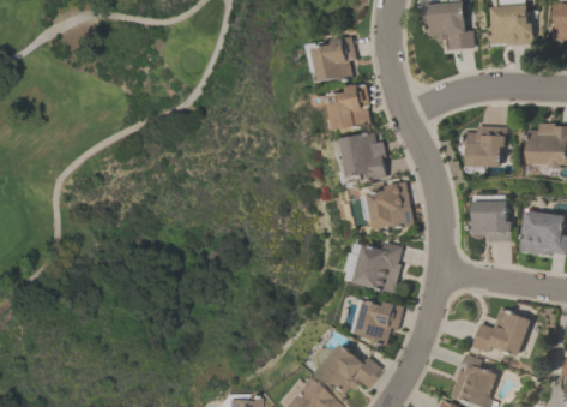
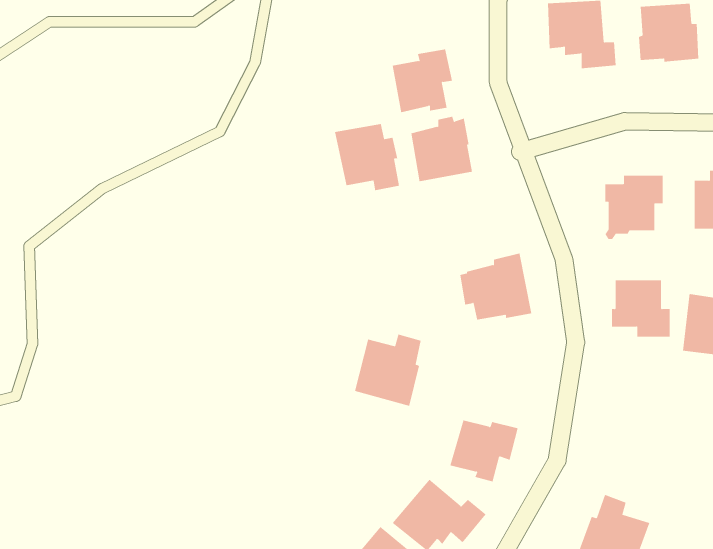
building: [340,132,387,180] -> [334,124,400,191]
building: [355,241,403,293] -> [354,334,422,406]
building: [472,309,531,355] -> none

